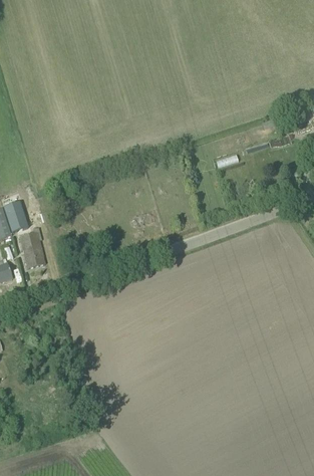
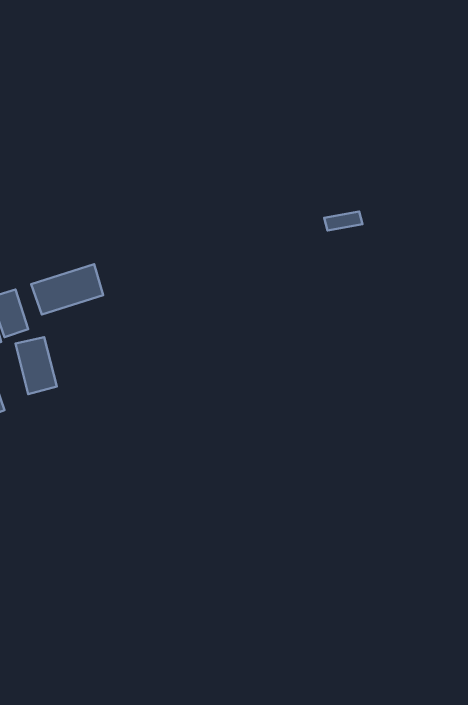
building: none -> [31,264,103,315]

